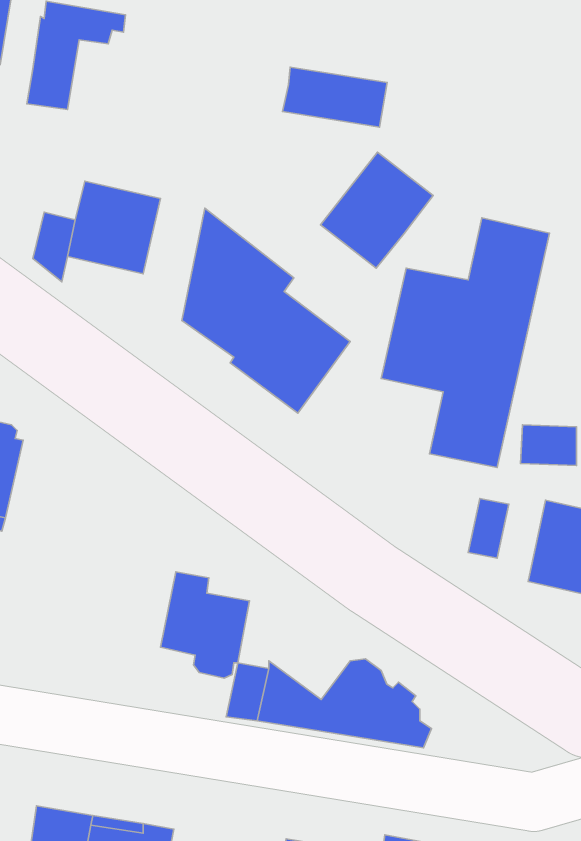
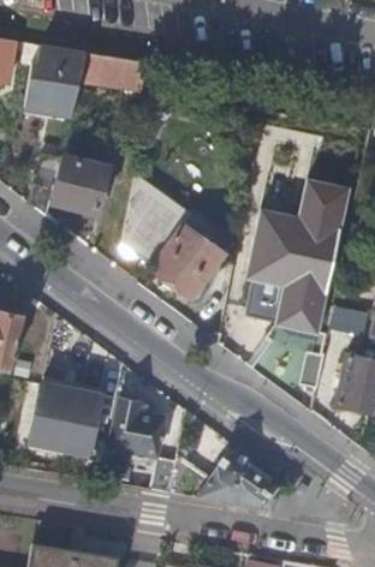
building: [283,67,387,127] -> [82,53,147,90]
building: [321,152,433,268] -> none
building: none -> [31,386,97,454]

